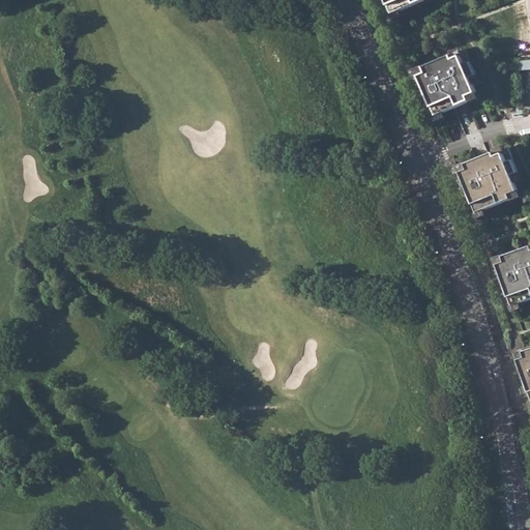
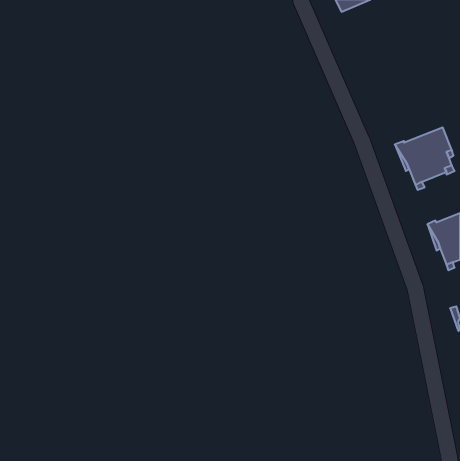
building: [410,49,475,115] -> none

